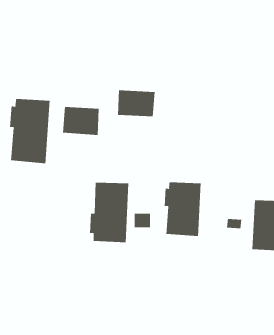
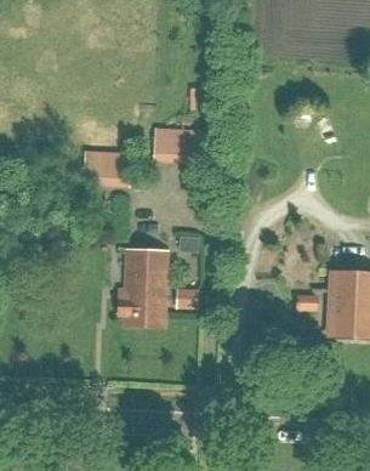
building: [10,98,50,164] -> none
building: [164,182,201,237] -> none

